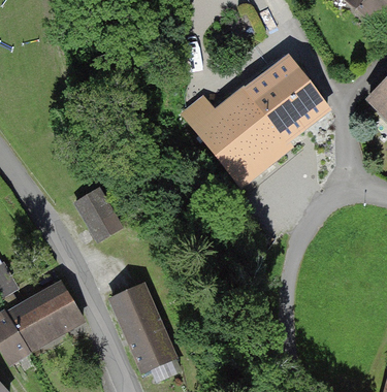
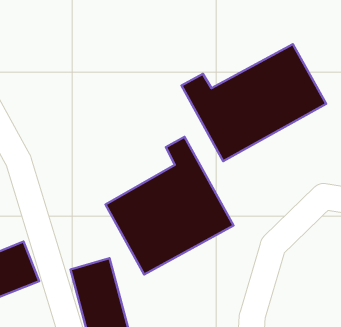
building: none -> [105,137,233,275]
building: [75,189,122,239] -> none

